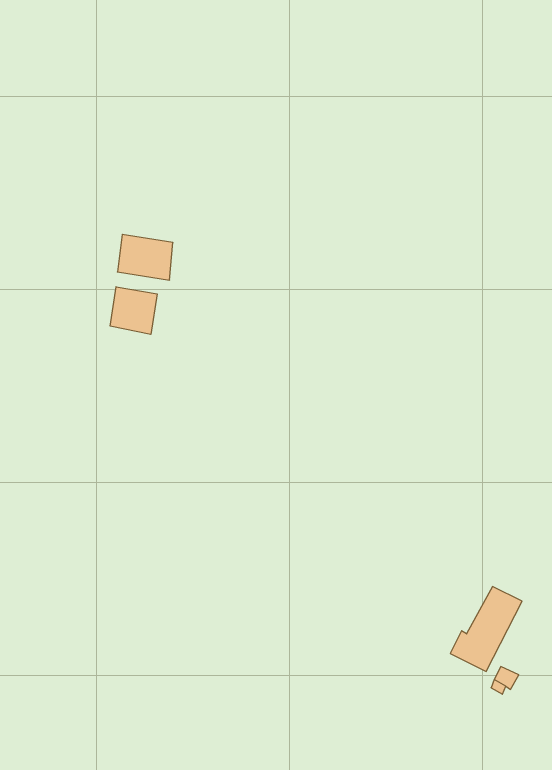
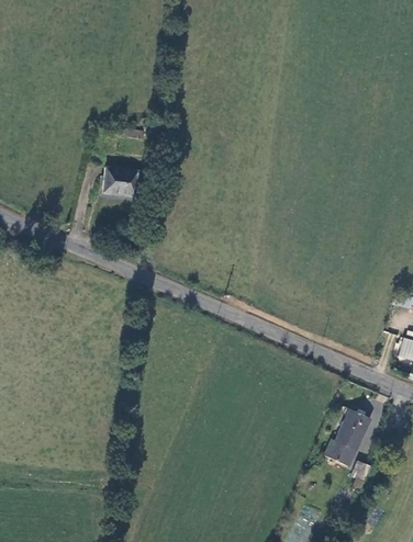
building: [110,287,157,334] -> none

